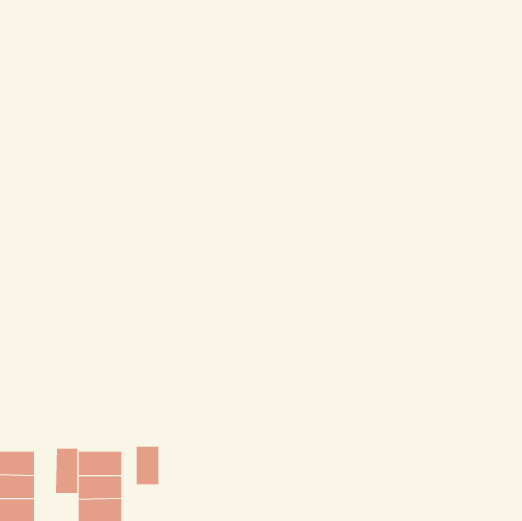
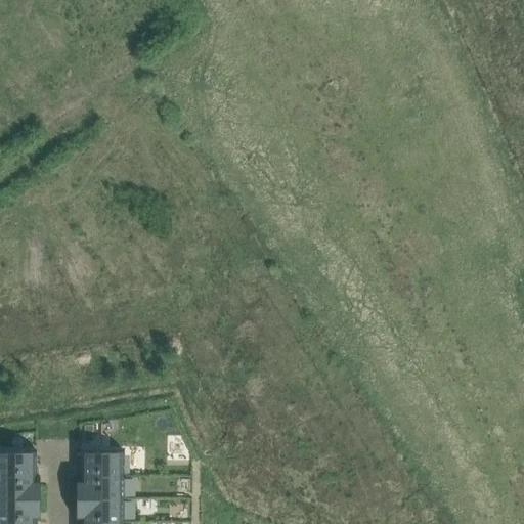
building: [136,446,159,485] -> none
building: [56,448,78,494] -> none

